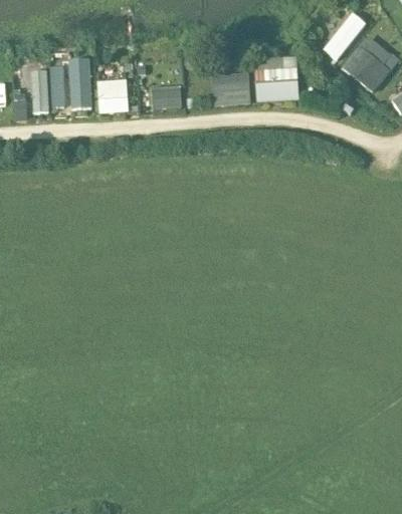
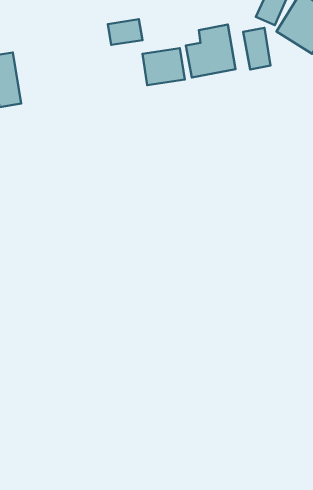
building: none -> [243,28,270,70]
building: [95,78,128,112] -> none
building: [151,86,182,107] -> [108,19,143,45]

